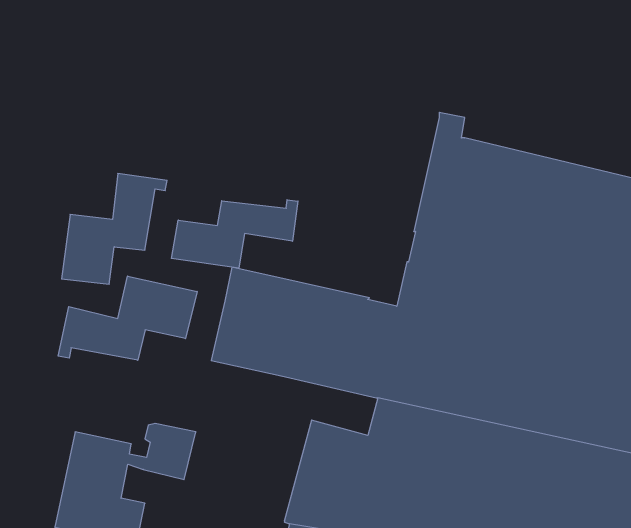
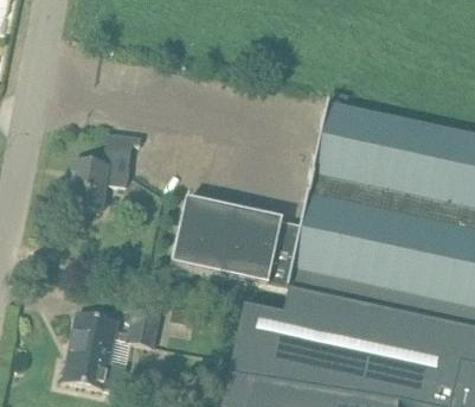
building: [171,200,298,268] -> none
building: [58,276,197,360] -> none

